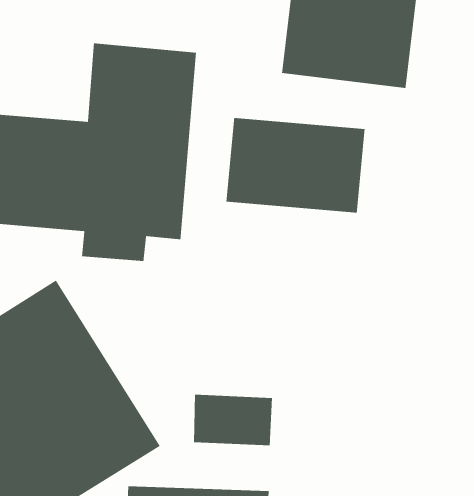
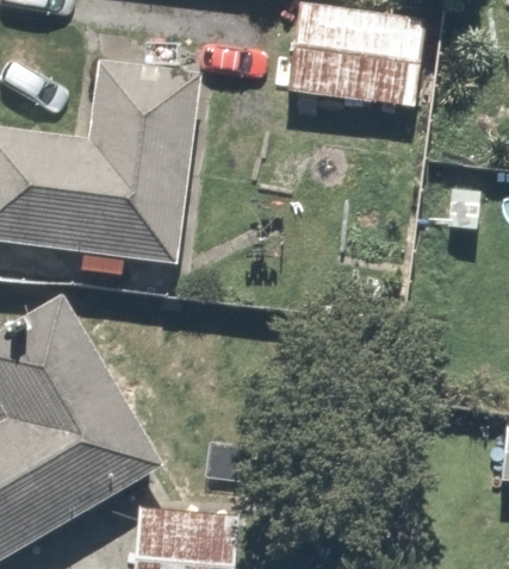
building: [225,117,365,214] -> none

